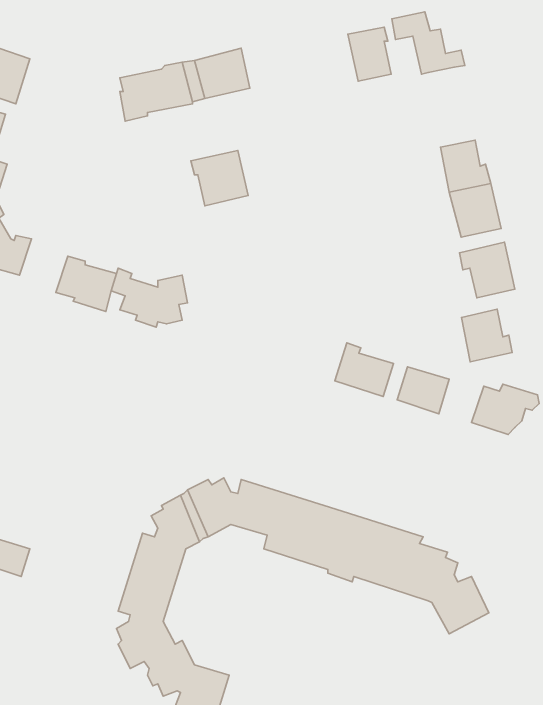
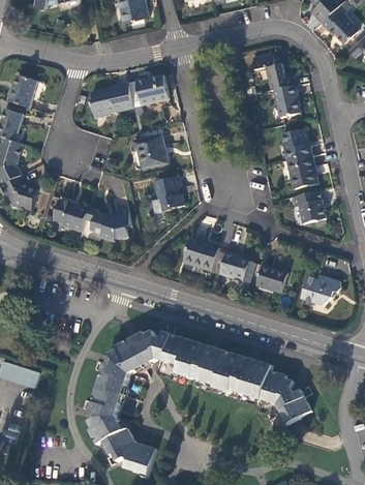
building: [348,27,391,81] -> [275,85,301,117]
building: none -> [155,177,184,211]
building: [461,309,512,362] -> none
building: none -> [184,239,219,269]

